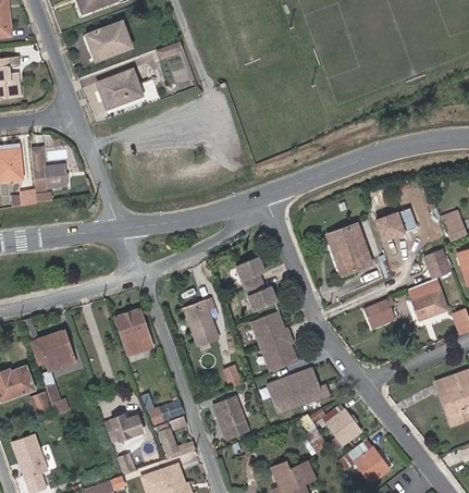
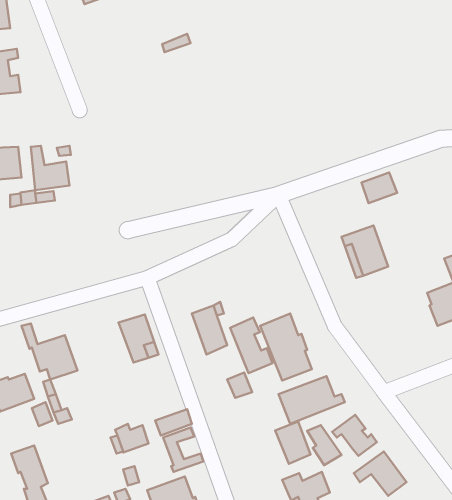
building: [85,22,131,60] -> none
building: [96,69,141,109] -> none
building: [383,208,417,237] -> [362,172,397,203]
building: [236,257,276,310] -> [230,317,272,373]
building: [363,299,393,329] -> none
building: [213,397,247,437] -> [275,421,311,464]

